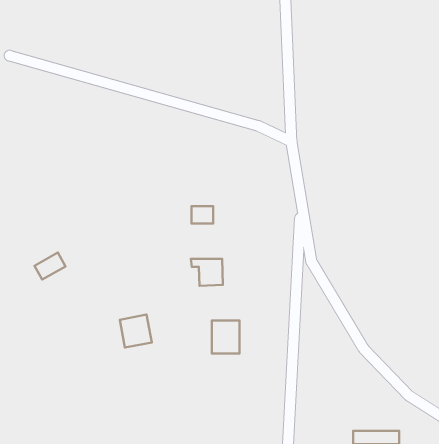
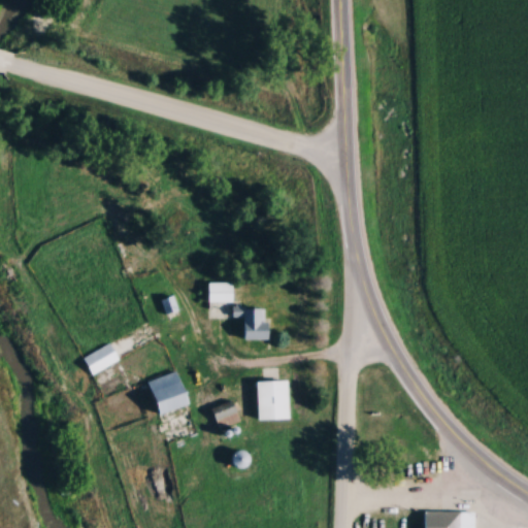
building: [192,206,213,224] -> [208,282,234,302]
building: [34,253,66,280] -> [82,343,120,375]
building: none -> [212,399,243,430]

